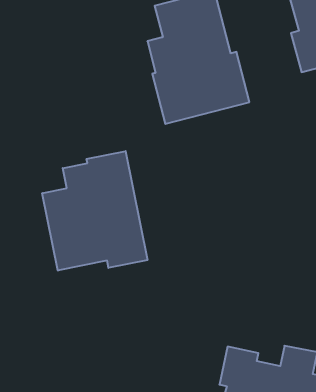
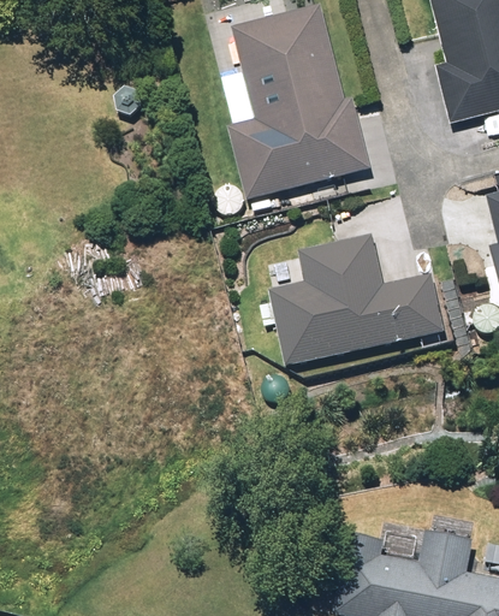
building: none -> [269,235,446,367]
building: [42,151,147,271] -> none

